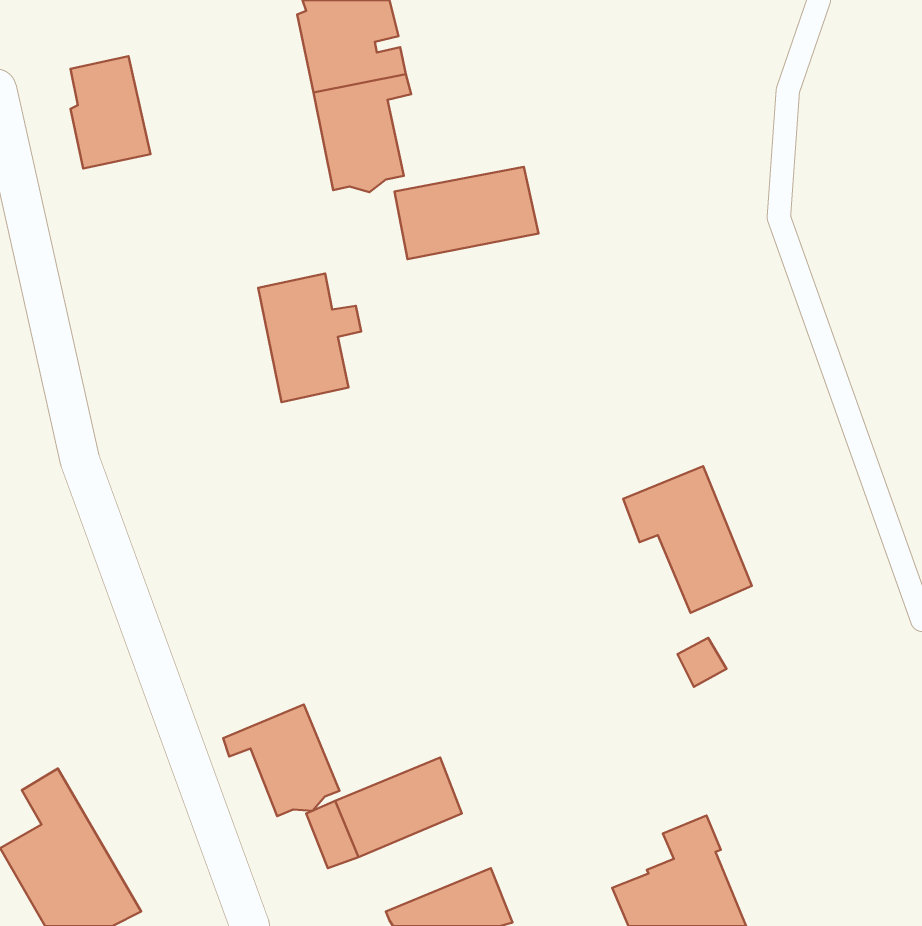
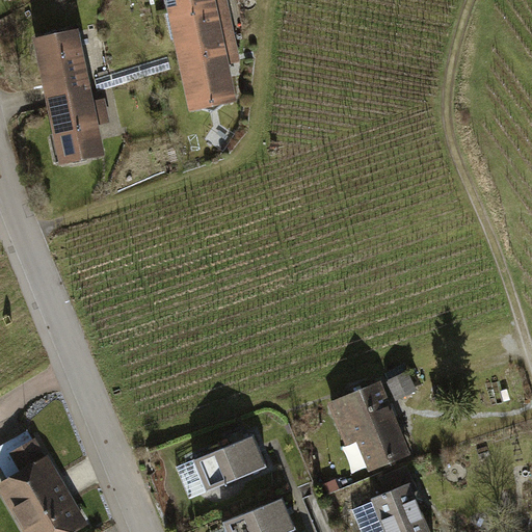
building: [394,167,538,259] -> none
building: [258,273,361,402] -> [48,88,107,162]
building: [623,466,752,613] -> [331,384,405,469]
building: [223,704,339,816] -> none

